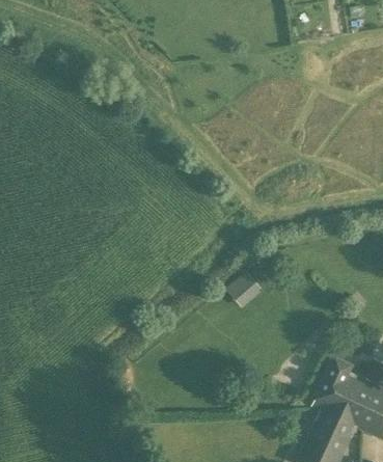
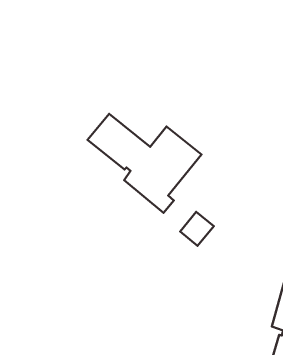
building: none -> [88,114,201,213]

